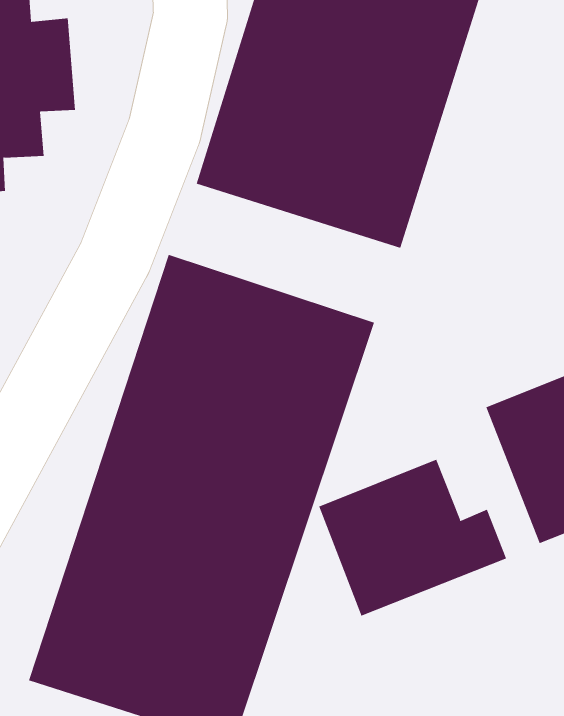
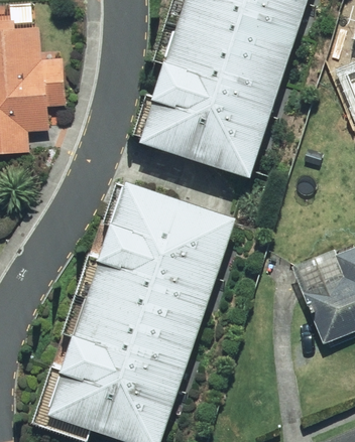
building: [318,459,507,616] -> none

